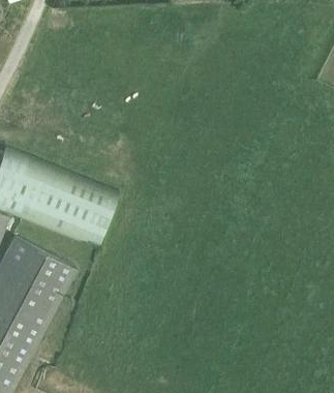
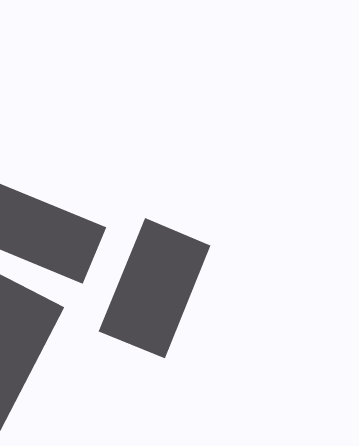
building: none -> [98,217,211,359]

